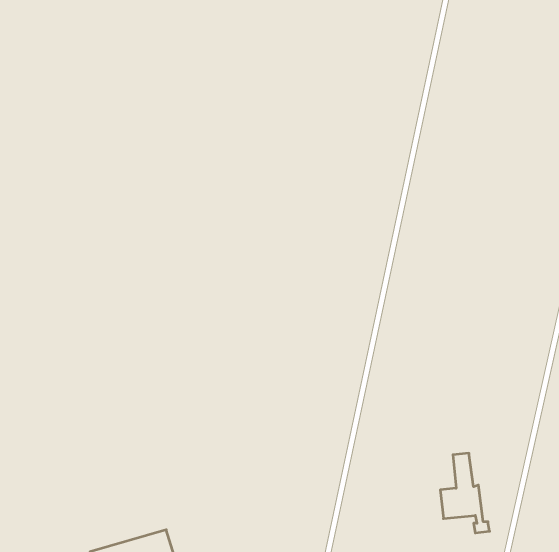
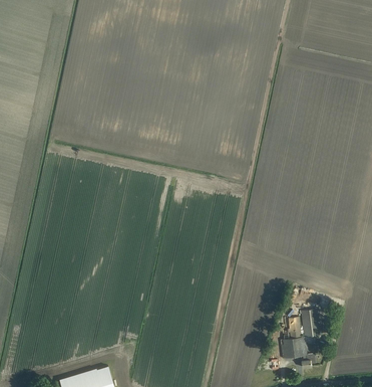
building: none -> [300,309,320,338]

